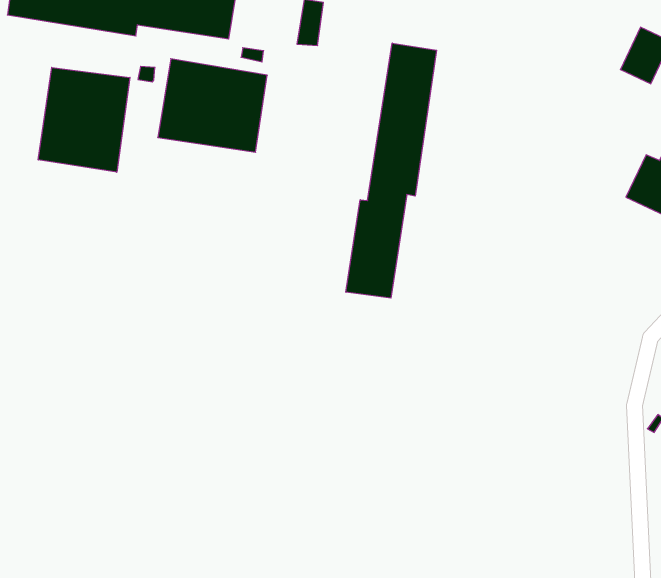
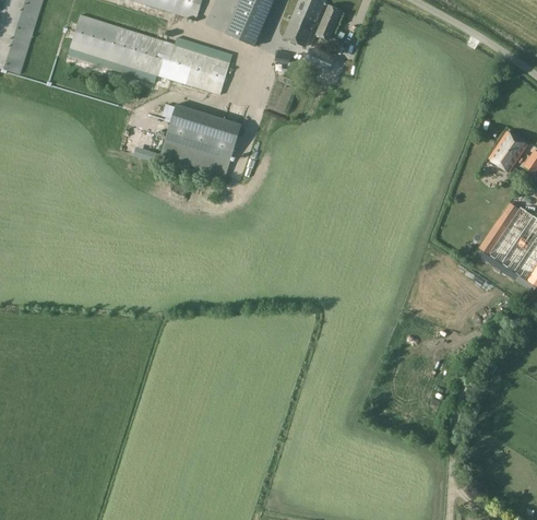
building: [346,43,437,298] -> none
building: [38,67,130,172] -> none

